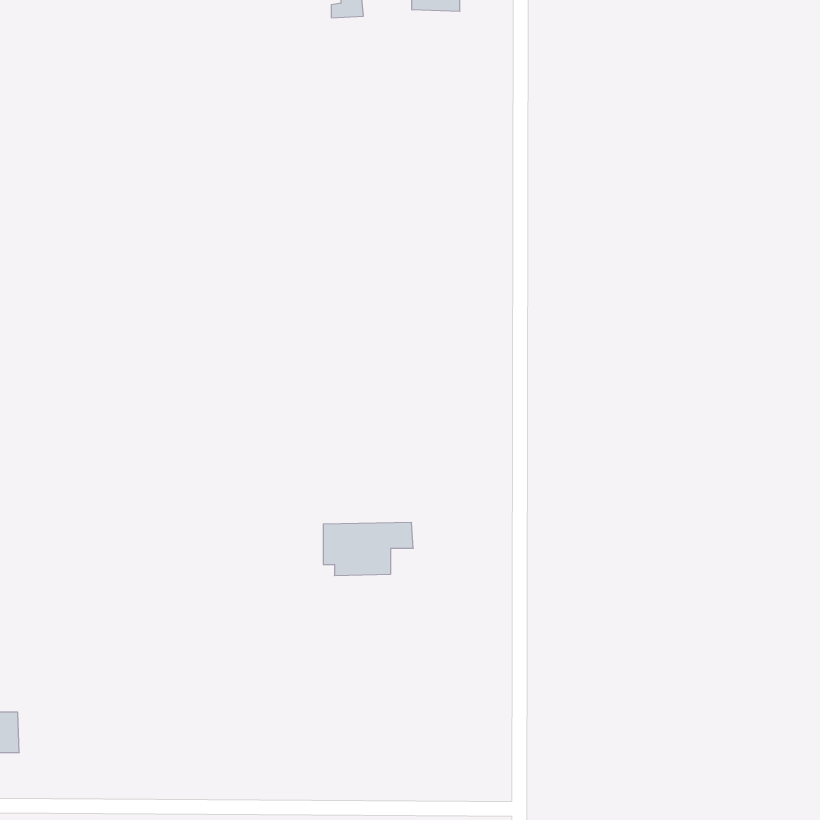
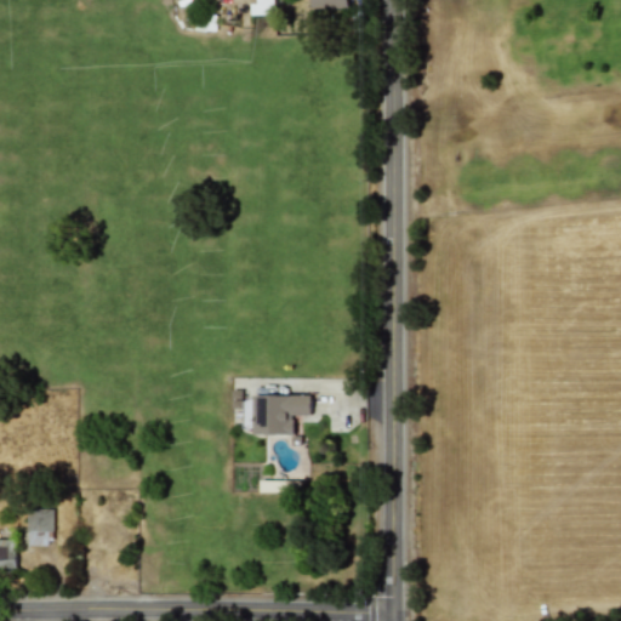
building: none -> [25,507,52,545]

